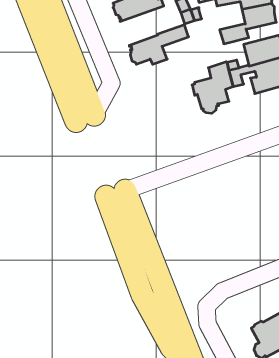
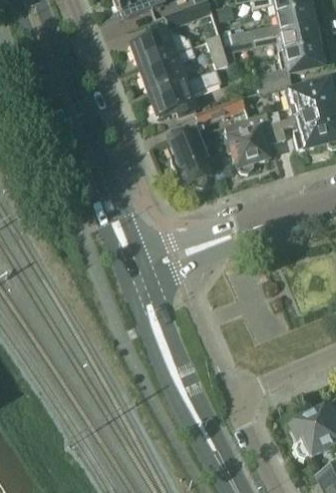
building: none -> [141,46,196,92]
building: none -> [170,95,246,186]

